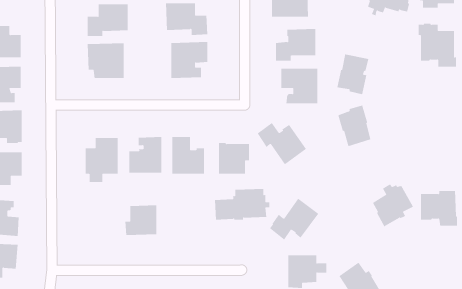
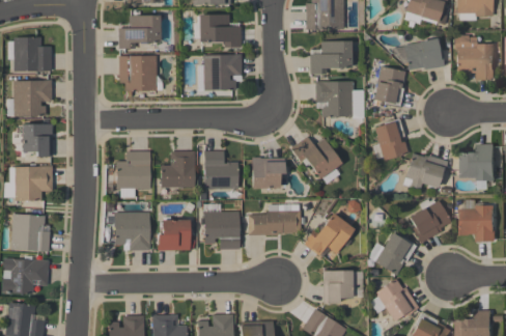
building: none -> [403,38,445,69]
building: none -> [458,144,495,180]
building: none -> [402,153,448,190]
building: none -> [204,212,240,249]
building: none -> [114,213,150,251]
building: none -> [374,233,417,276]

